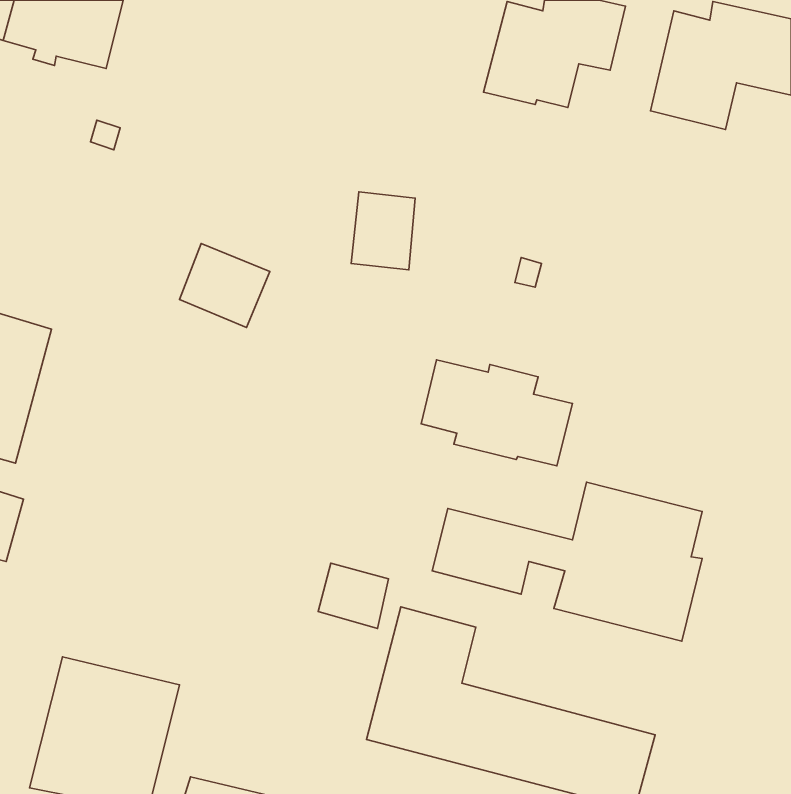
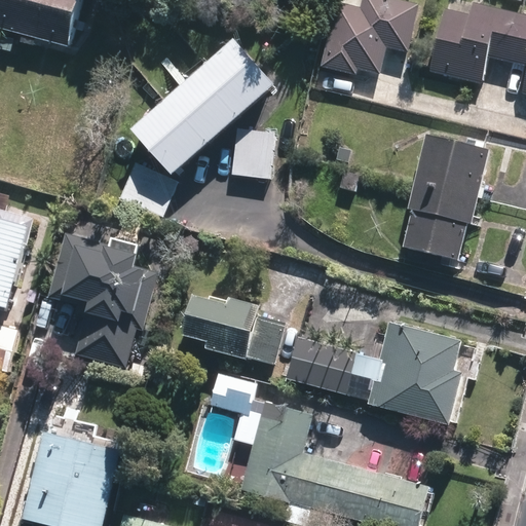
building: none -> [130,35,275,172]
building: none -> [401,136,489,261]
building: none -> [46,234,157,370]
building: [421,360,572,466] -> [187,294,287,364]

